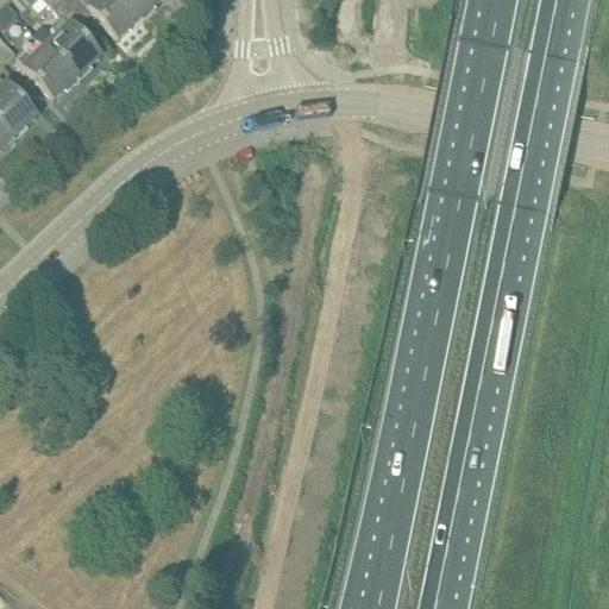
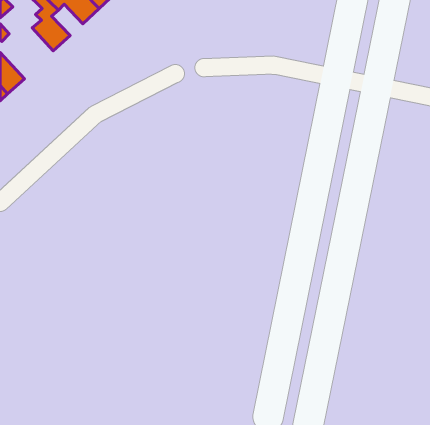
building: [18,39,79,94] -> none

